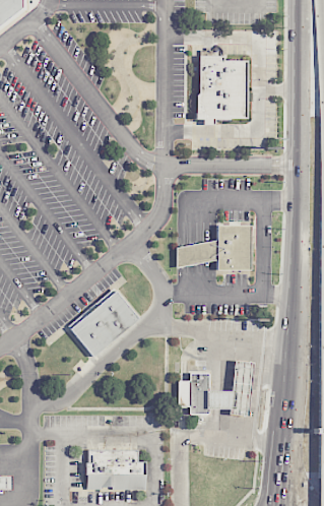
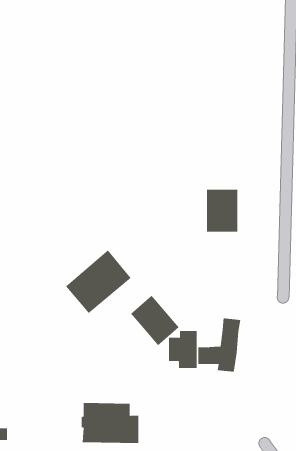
building: [196,55,246,117] -> none
building: [175,240,216,267] -> none
building: none -> [130,295,179,346]

